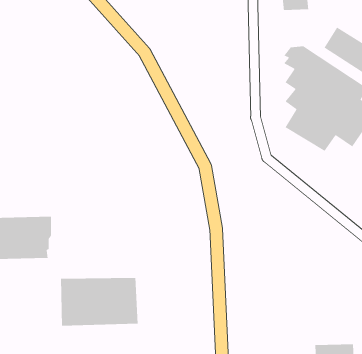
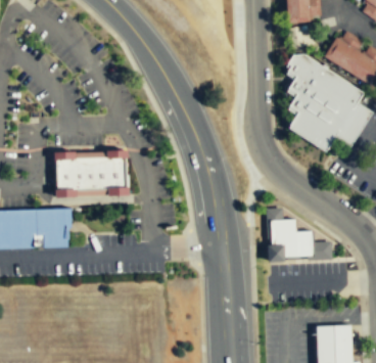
building: none -> [268,210,332,259]
building: [60,277,138,326] -> [57,151,129,196]

